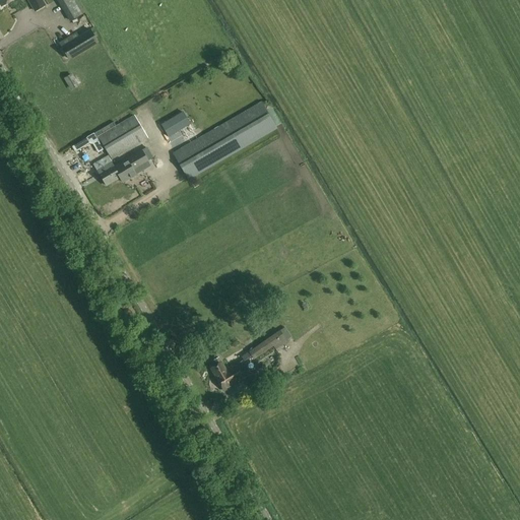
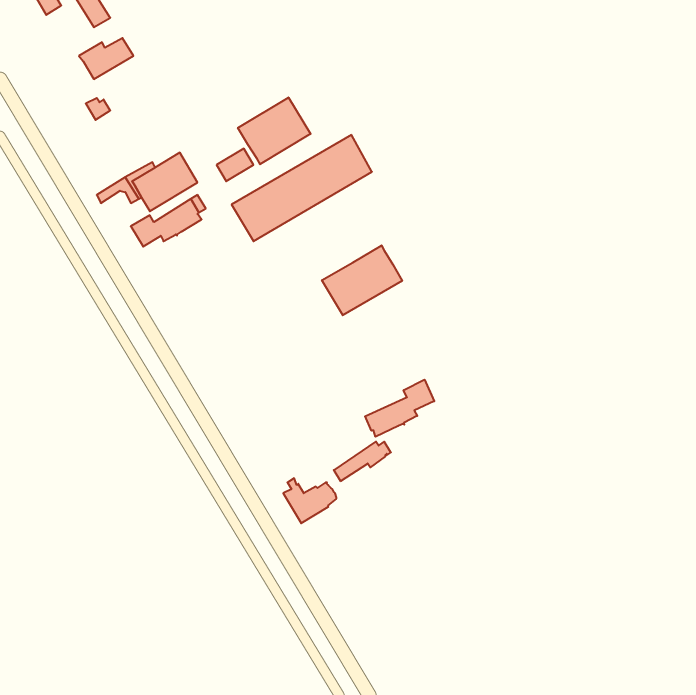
building: none -> [238,97,311,164]
building: none -> [322,245,402,315]
building: none -> [365,380,434,437]

